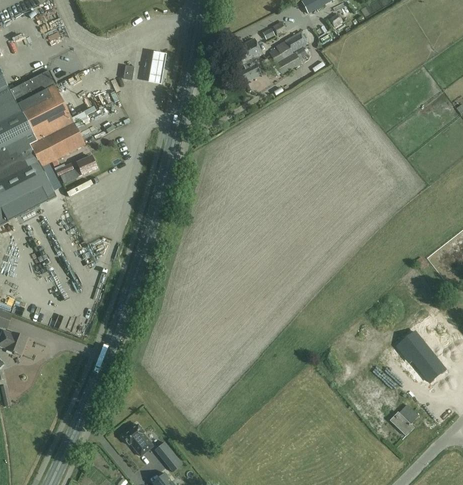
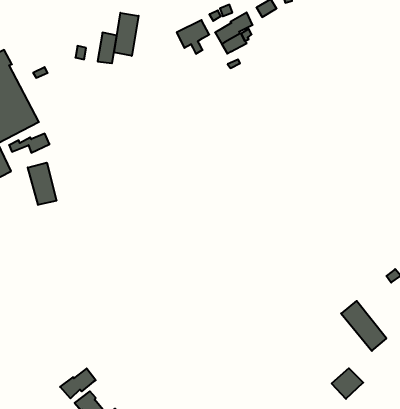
building: none -> [114,13,139,56]
building: none -> [28,163,56,205]
building: none -> [60,368,96,398]

